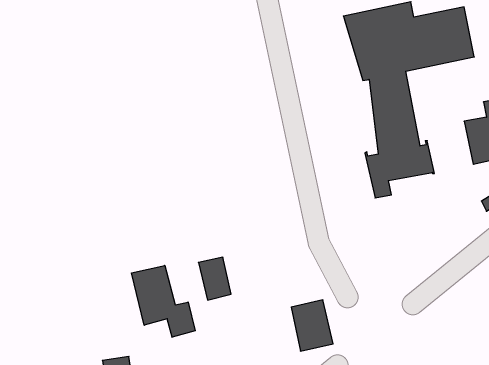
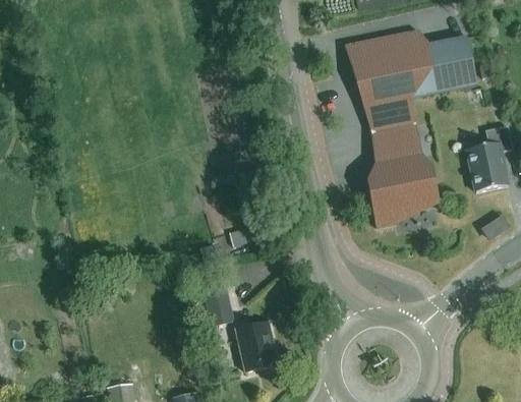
building: [132,265,195,337] -> none
building: [291,300,333,351] -> [236,322,278,372]

